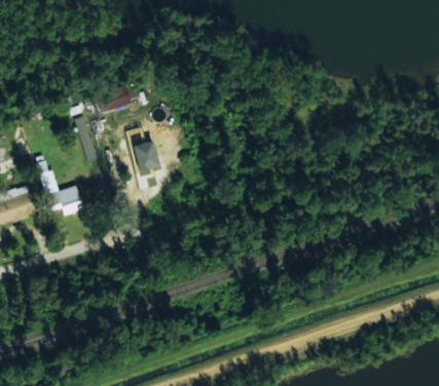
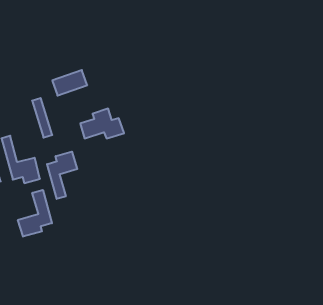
building: none -> [47,152,77,199]
building: none -> [18,190,52,237]

